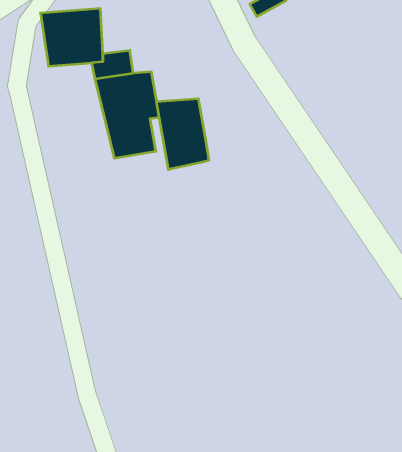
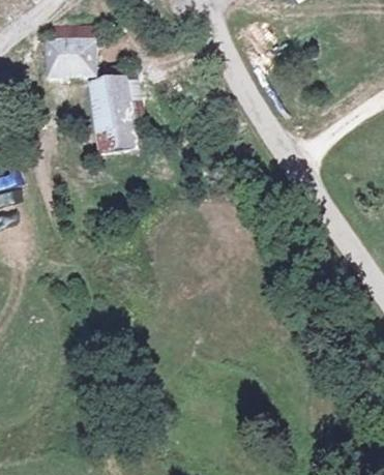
building: [157,99,209,170] -> none

